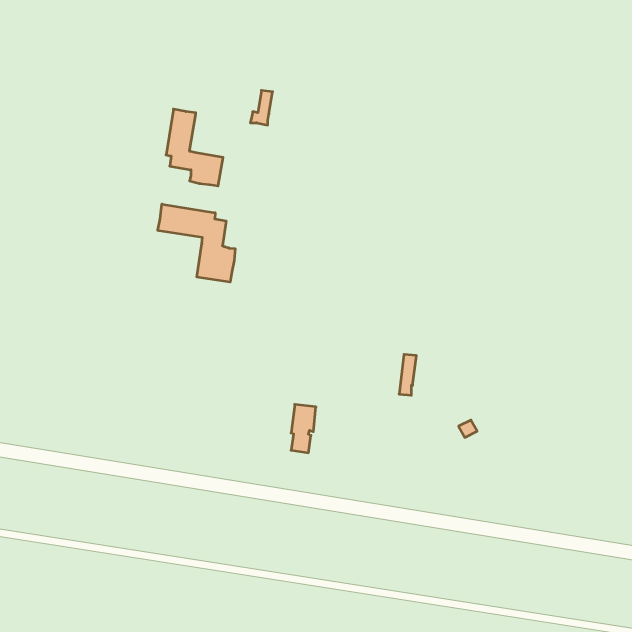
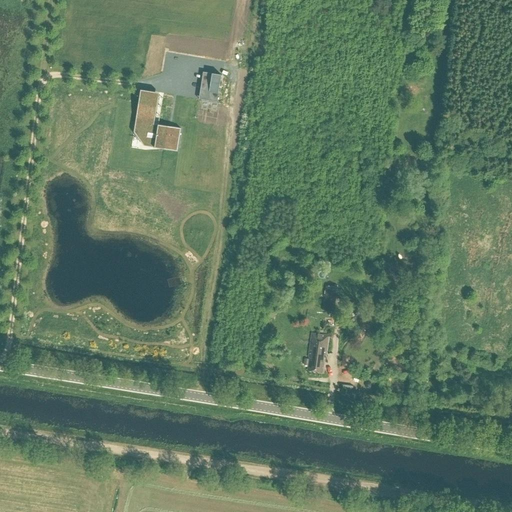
building: [158,204,235,282] -> none
building: [291,404,316,453] -> [308,333,328,372]

